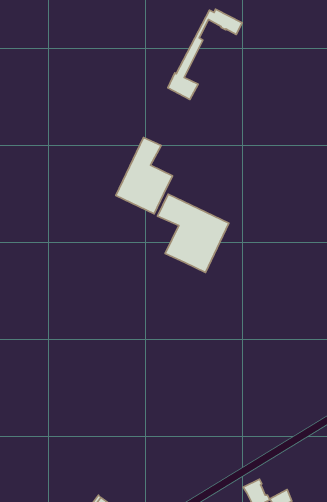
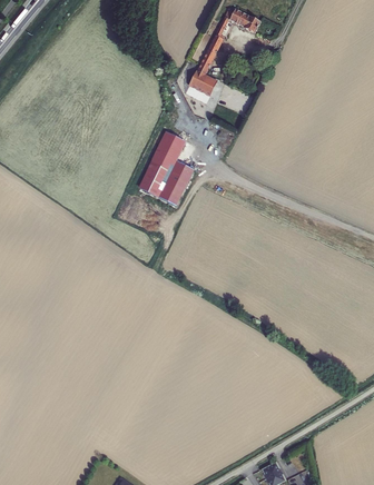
building: [157,194,229,273] -> none

